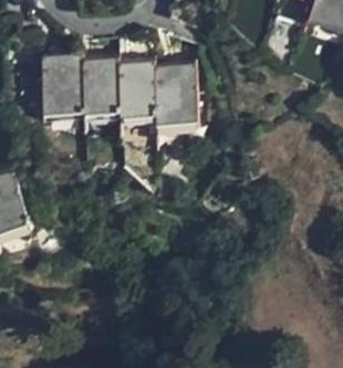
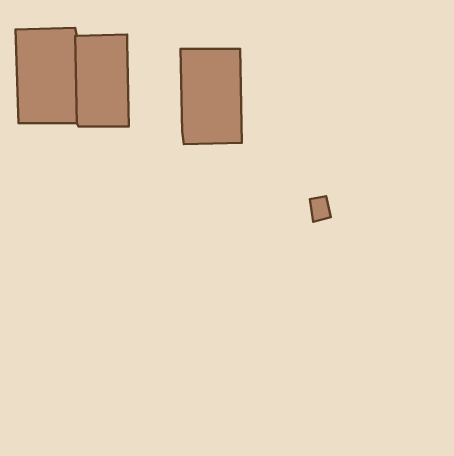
building: [118,62,156,124] -> none

